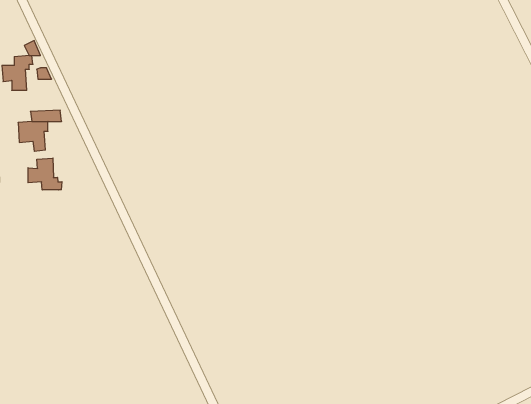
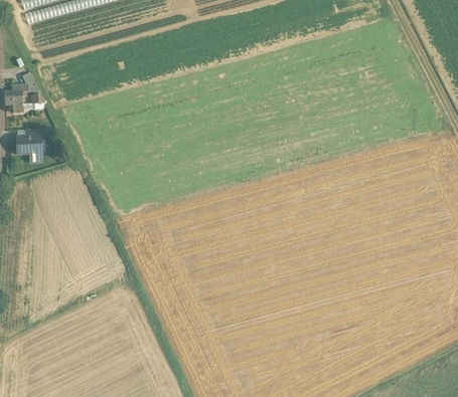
building: [28,158,62,190] -> none

